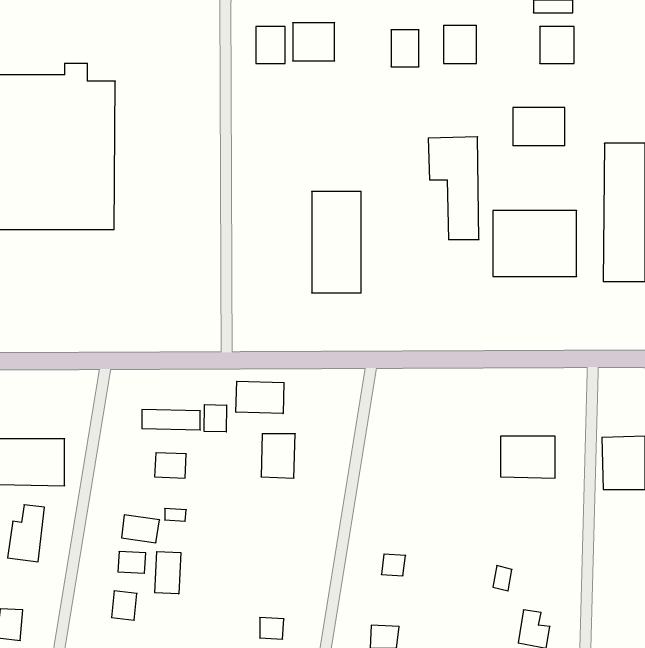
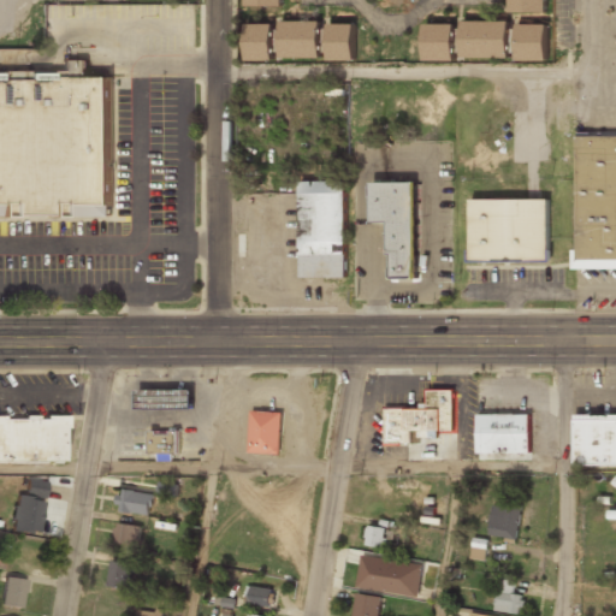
building: [391,30,419,67] -> [326,25,353,60]
building: [513,108,565,146] -> [458,22,508,58]
building: [428,137,479,240] -> [367,182,415,279]
building: [236,381,284,414] -> none
building: [204,405,227,432] -> none
building: none -> [383,389,451,444]
building: none -> [486,500,520,538]
building: [155,552,181,594] -> none
building: none -> [355,556,421,596]

